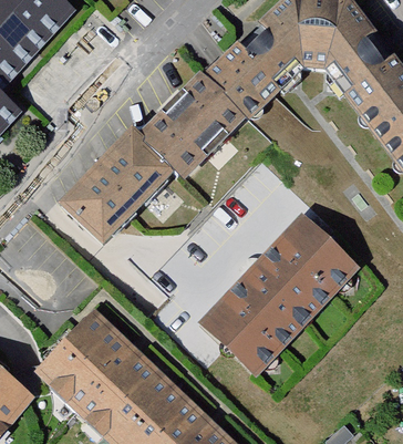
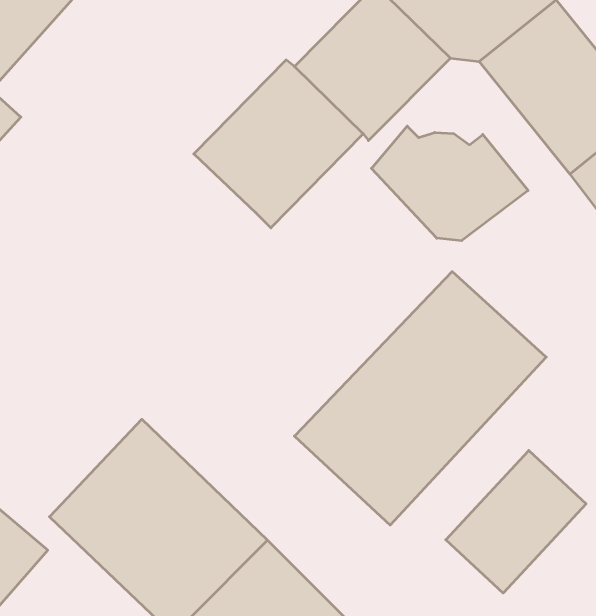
building: none -> [371,126,528,241]
building: [59,131,174,247] -> none
building: none -> [446,450,586,593]

